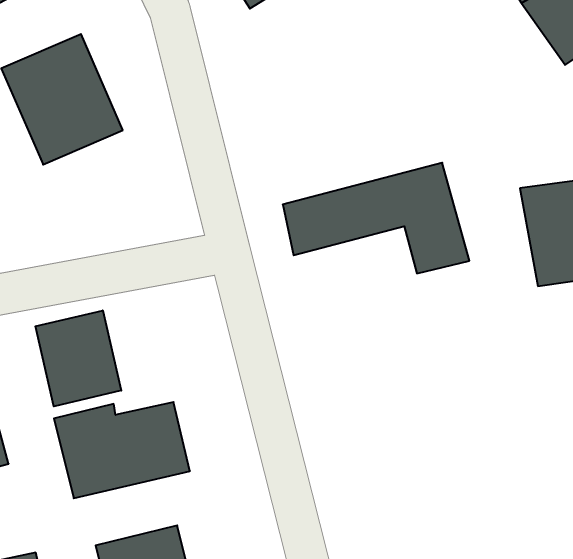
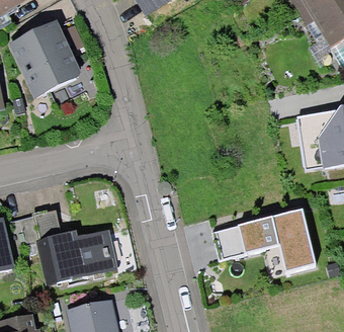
building: [283,163,469,273] -> [217,203,321,265]
building: [35,310,121,406] -> none

